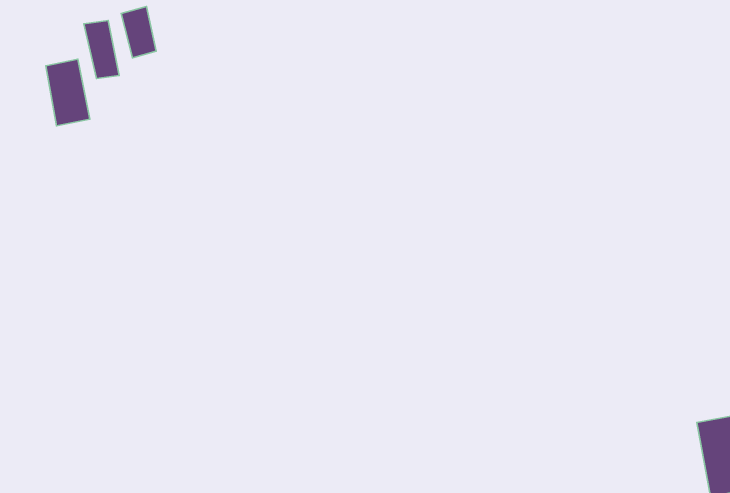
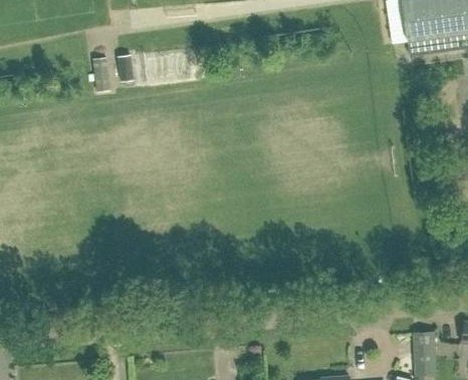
building: [46,59,90,126] -> none

